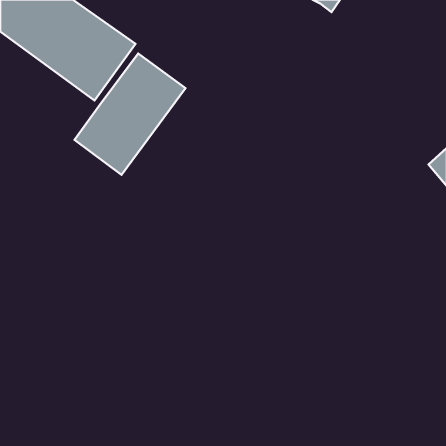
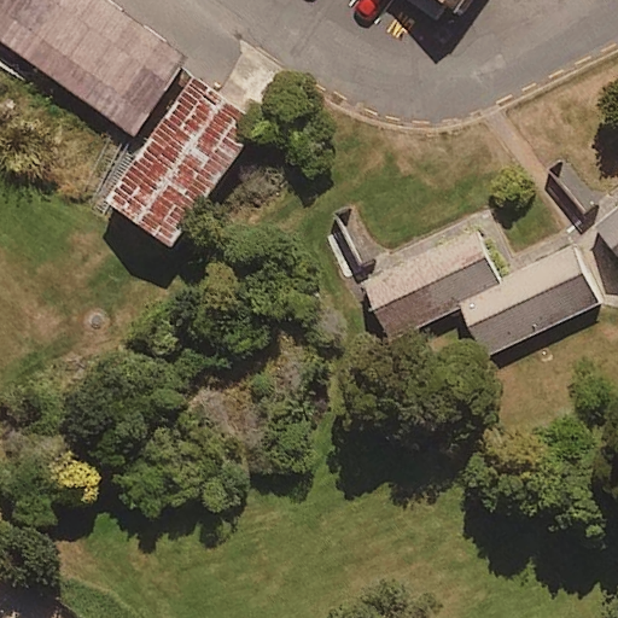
building: none -> [361,227,600,356]

